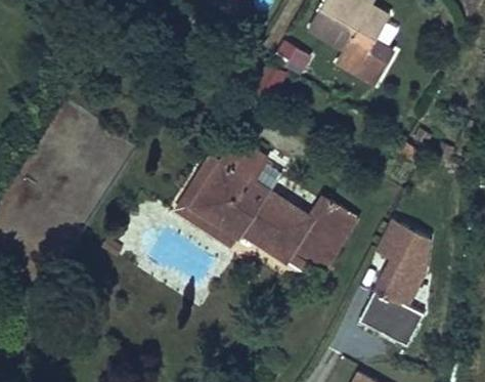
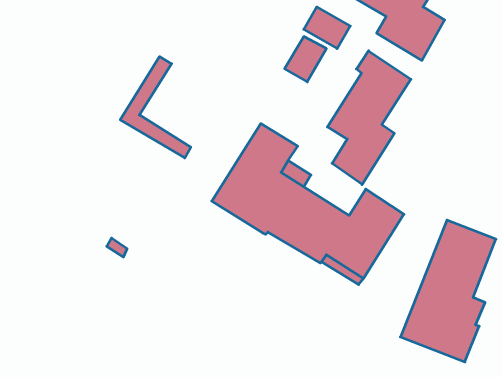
building: none -> [327,51,411,185]
building: [177,157,237,244] -> [120,57,191,158]

